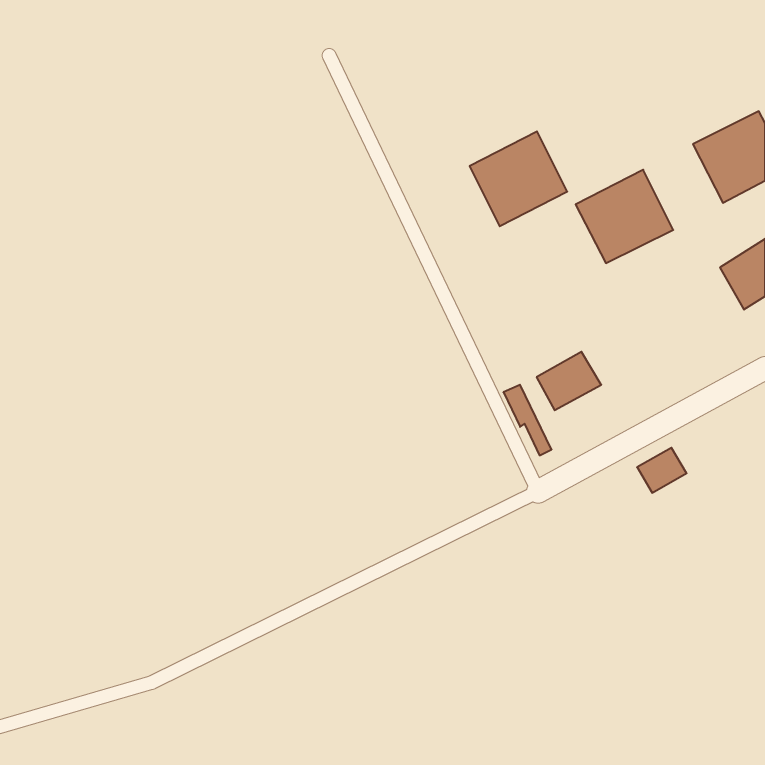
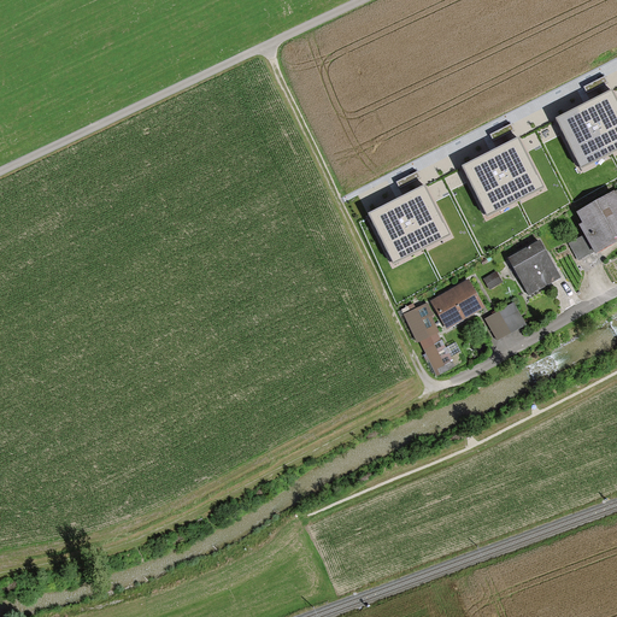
building: [470,131,567,226] -> [368,183,446,259]
building: none -> [509,242,560,296]
building: [637,448,687,493] -> [484,305,524,341]

